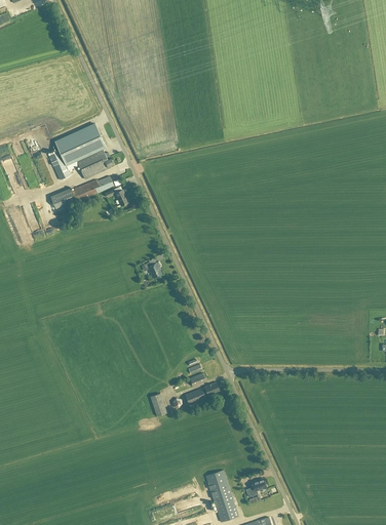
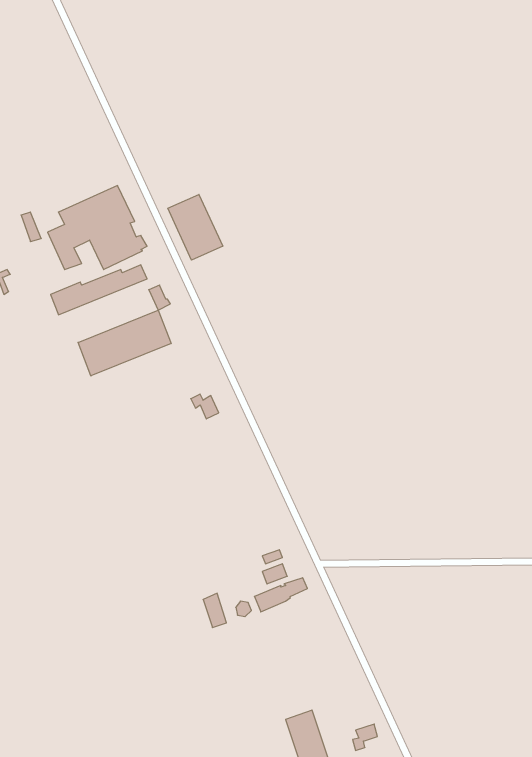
building: none -> [168,194,223,260]
building: none -> [78,310,171,376]

